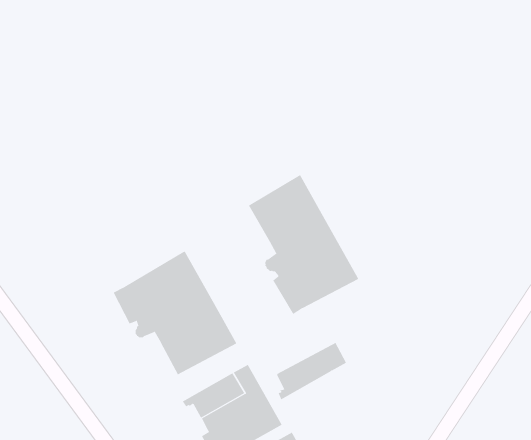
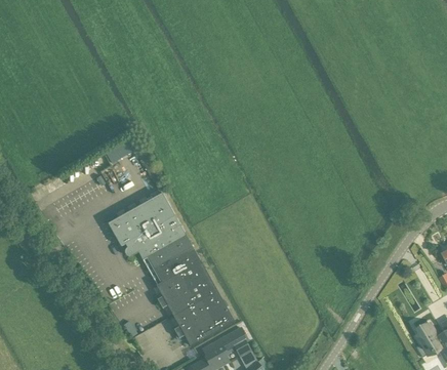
building: [248,174,359,315] -> none
building: [277,342,347,400] -> [156,260,208,303]

